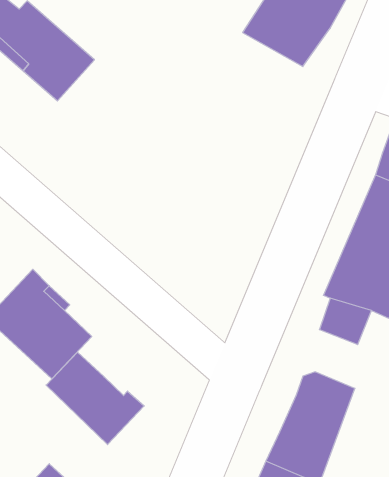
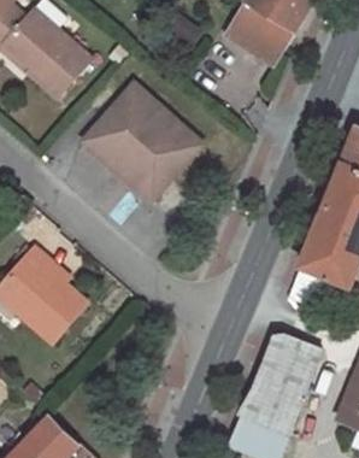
building: none -> [84,84,201,200]
building: [46,352,144,445] -> none

